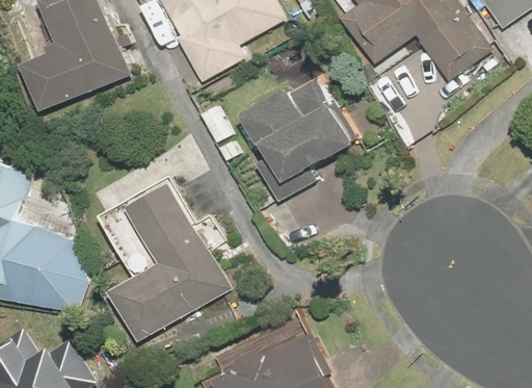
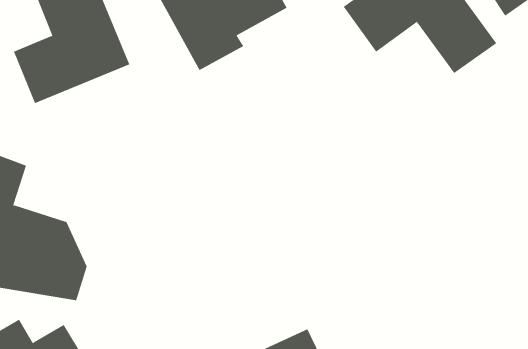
building: [242,78,354,203] -> none
building: [109,187,229,341] -> none

